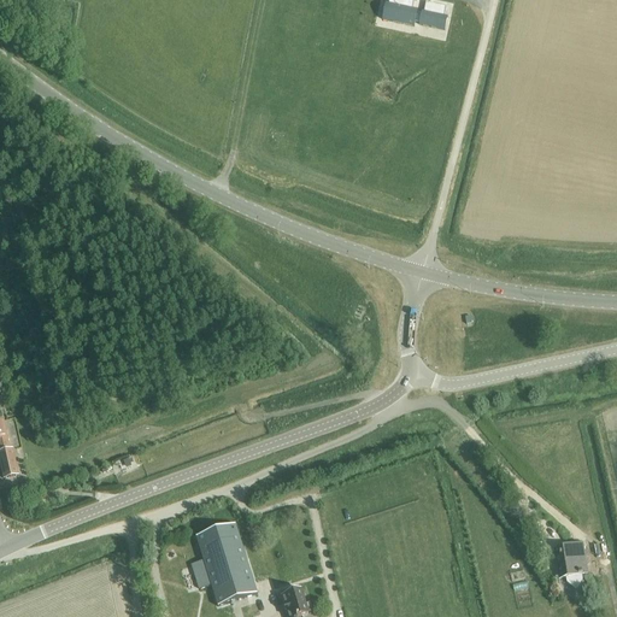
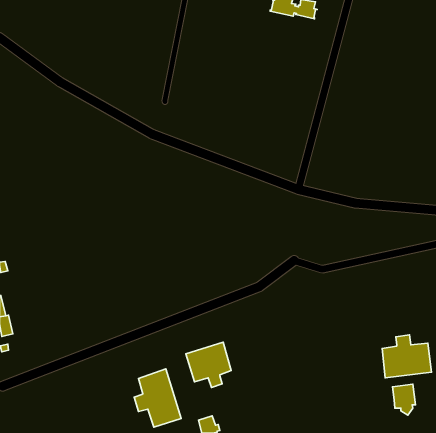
building: none -> [382,335,431,378]
building: none -> [186,342,231,387]

